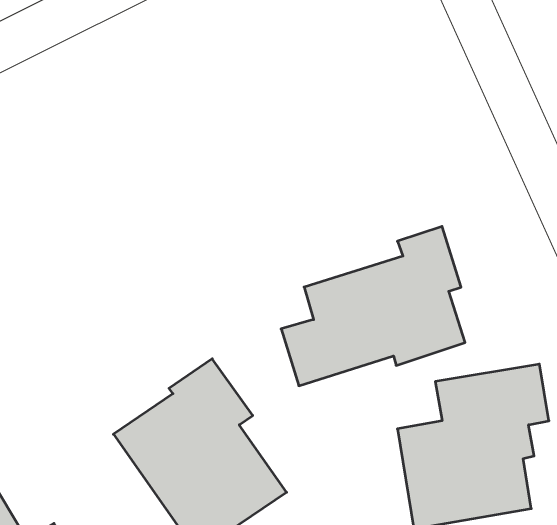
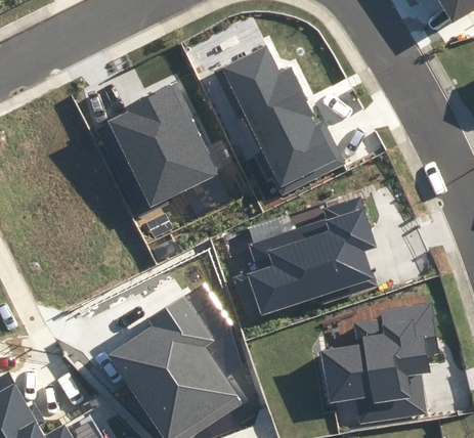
building: none -> [224,47,342,189]
building: none -> [111,83,218,207]

